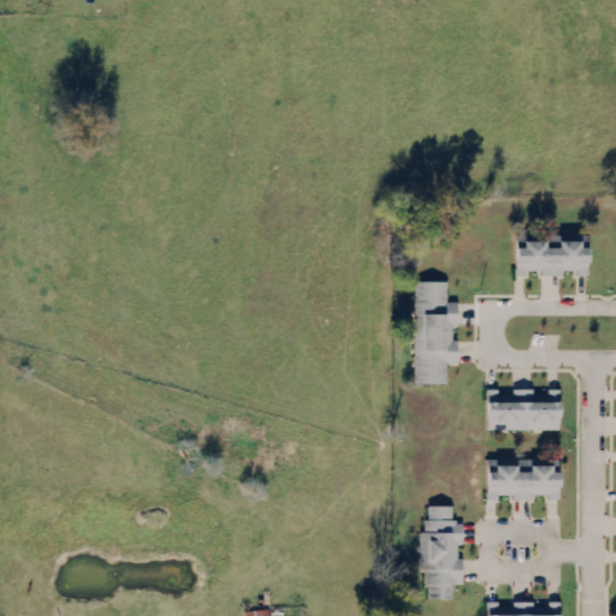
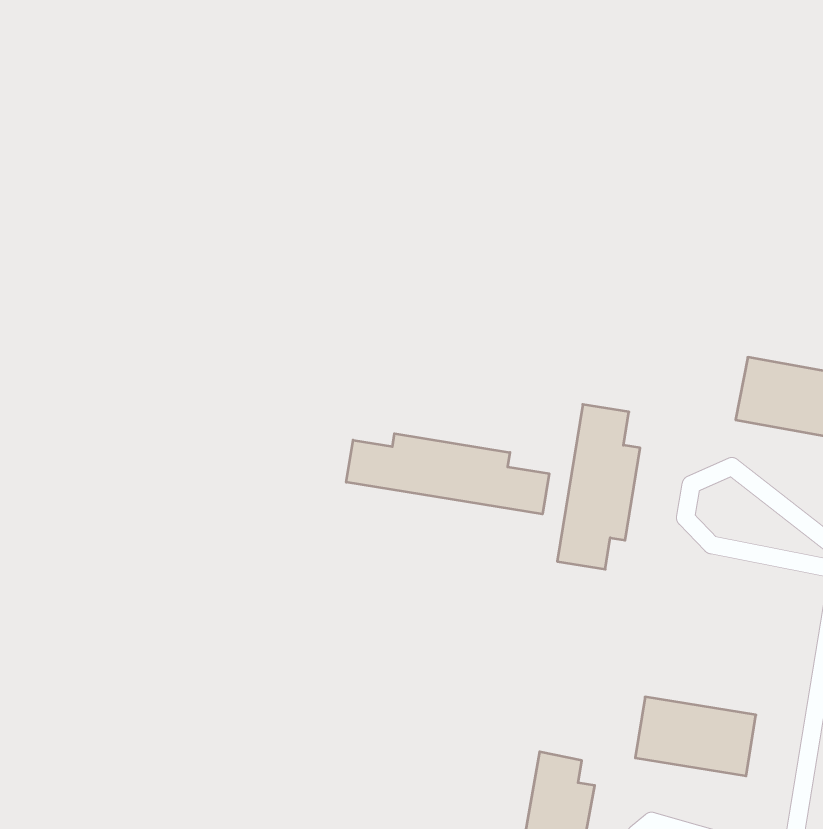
building: none -> [346,434,549,514]
building: [487,390,559,431] -> none

